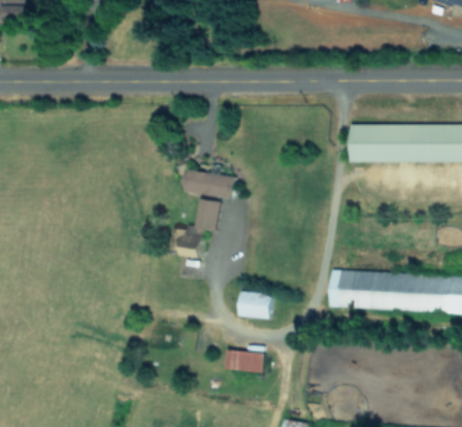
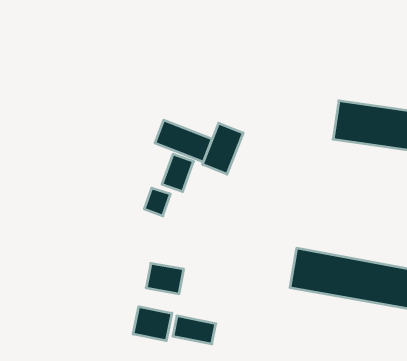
building: none -> [203,123,243,174]
building: [238,293,271,318] -> [146,263,184,294]
building: none -> [133,307,172,341]

